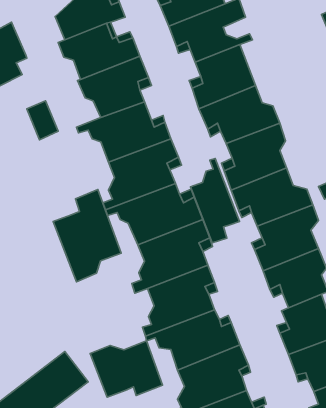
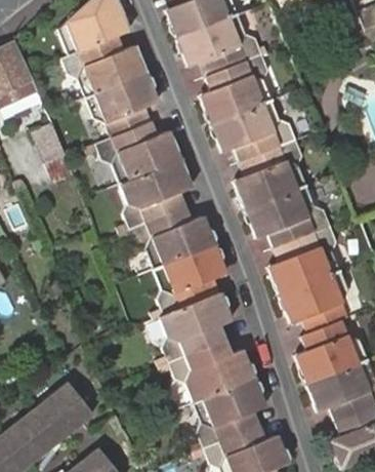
building: [191,159,240,243] -> none
building: [53,190,121,282] -> none
building: [90,341,163,397] -> none

